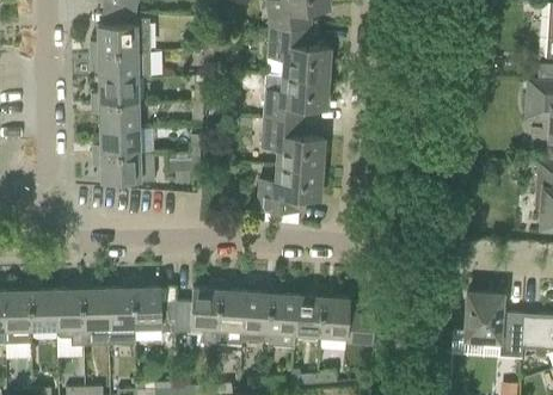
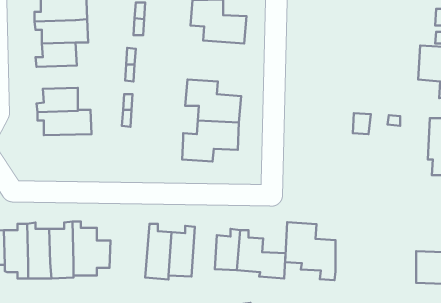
building: [264,75,328,122] -> none
building: [93,104,140,130] -> none
building: [176,282,221,344] -> none
building: [268,286,297,348] -> none
building: [466,294,523,359] -> [285,222,336,280]

